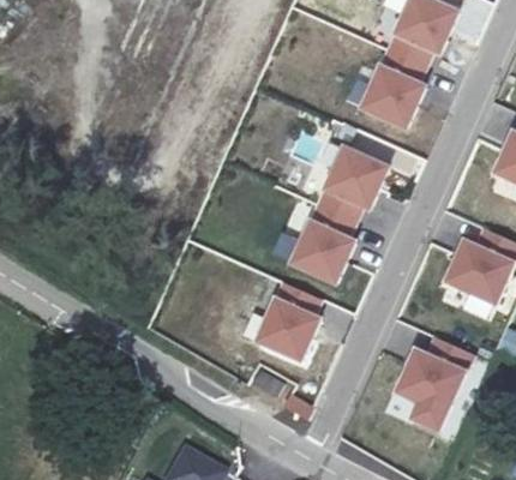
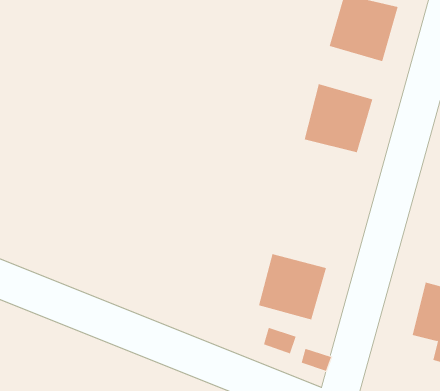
building: [287,217,359,287] -> none

